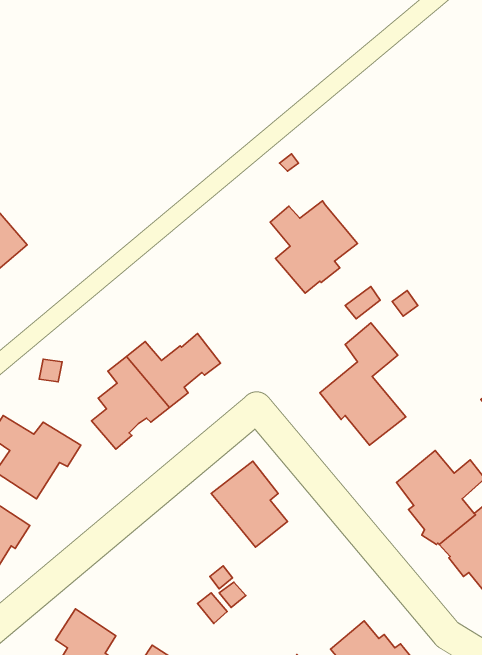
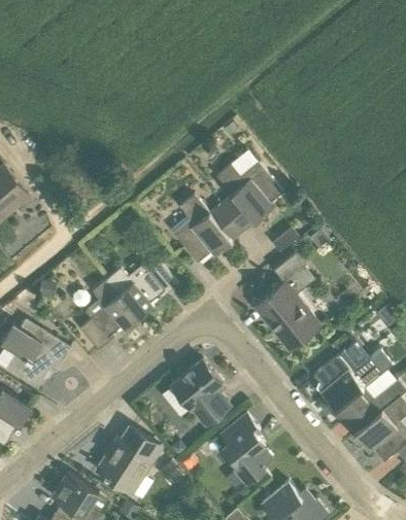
building: none -> [170,195,243,263]
building: none -> [221,414,272,484]
building: none -> [97,427,160,492]

